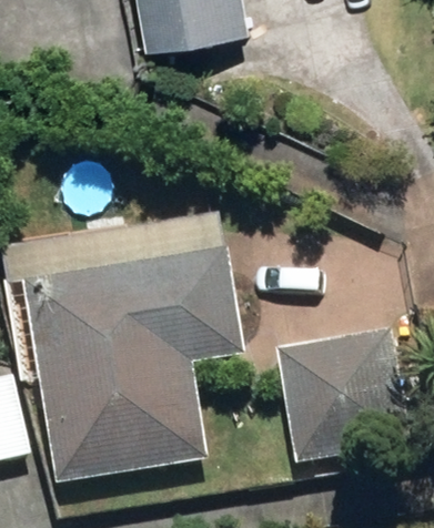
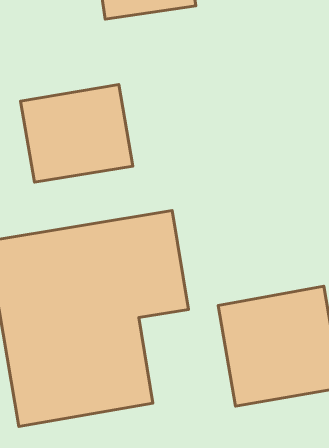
building: none -> [21,85,133,182]

